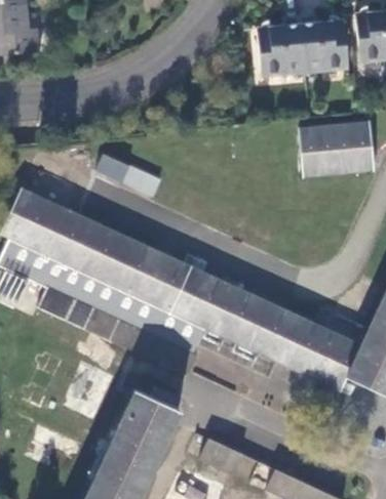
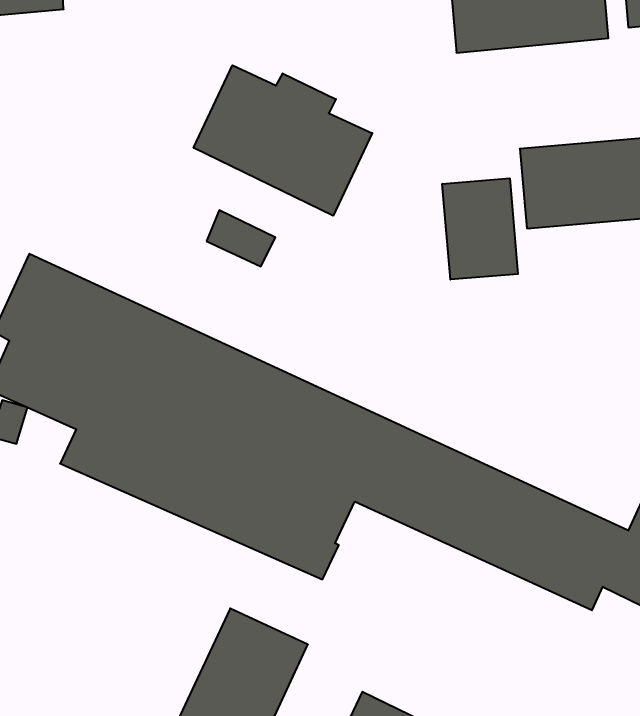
building: none -> [194,65,372,216]
building: none -> [442,178,518,280]

